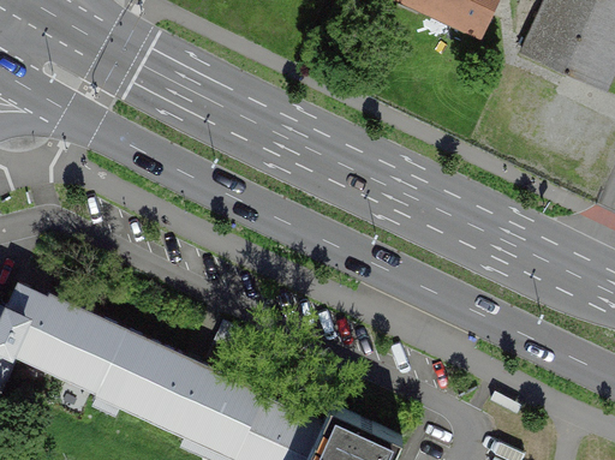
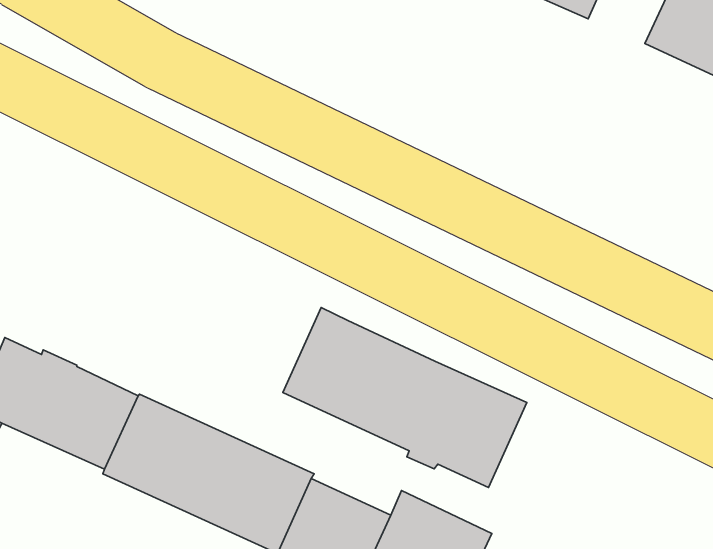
building: none -> [283,308,527,487]

